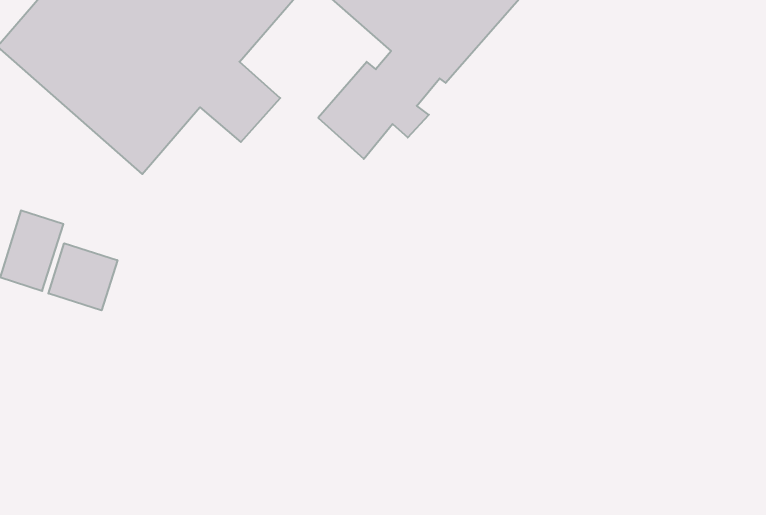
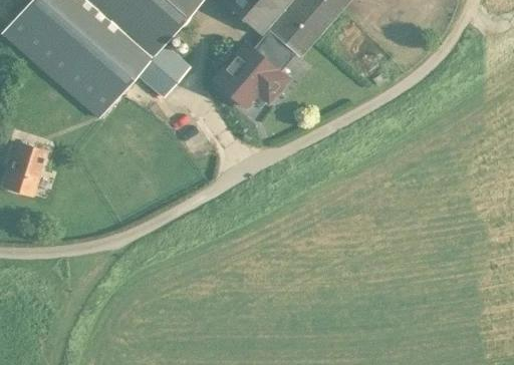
building: [48,243,117,310] -> none

